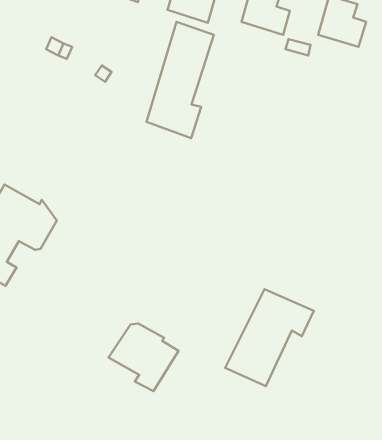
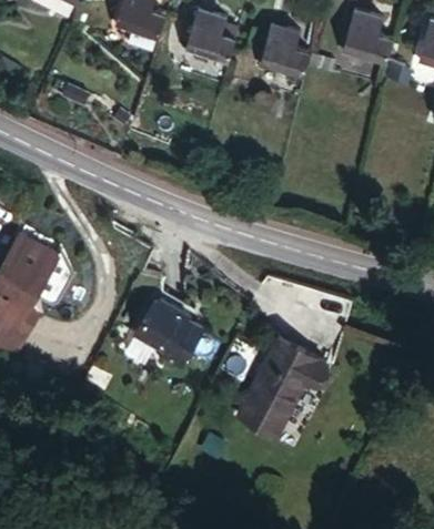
building: [147,22,214,138] -> none
building: [109,324,178,391] -> [132,297,203,366]

